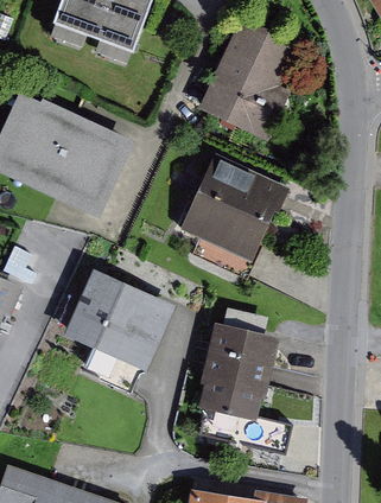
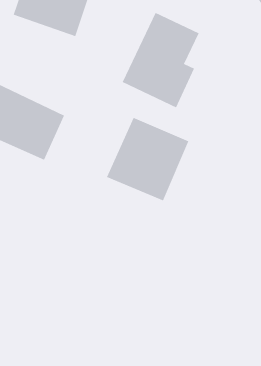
building: [64,268,176,369] -> none
building: [198,321,279,420] -> none

